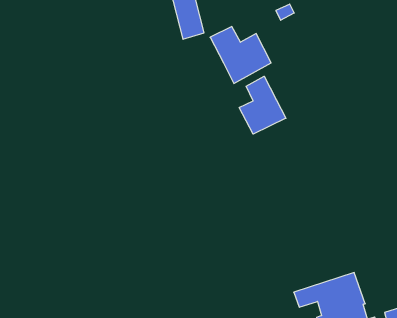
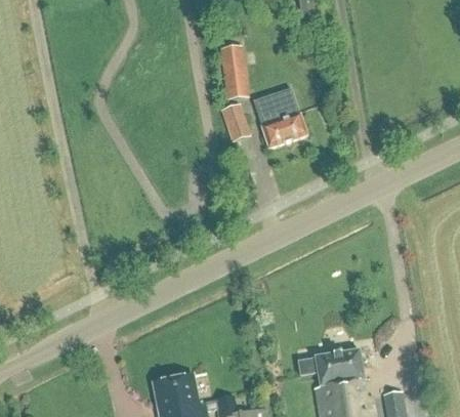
building: none -> [222,103,252,141]
building: [239,76,286,134] -> none

